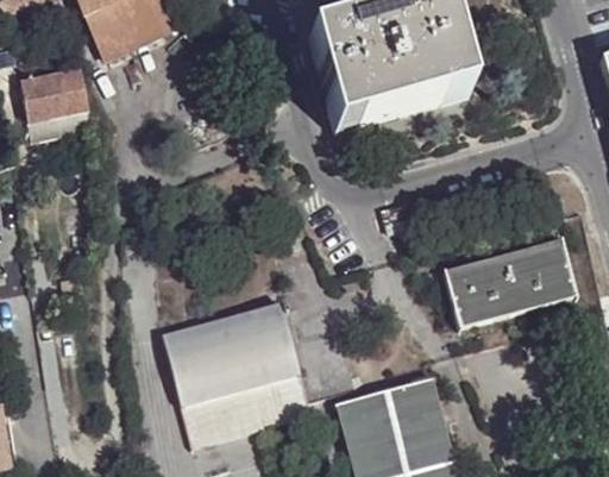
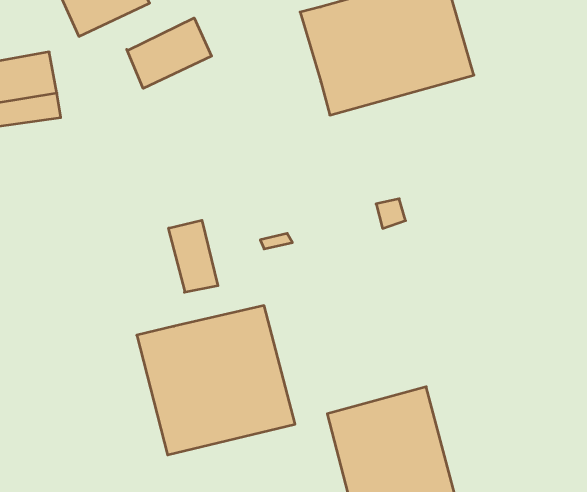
building: none -> [127,18,212,88]
building: none -> [169,220,218,292]
building: [439,244,572,326] -> none

